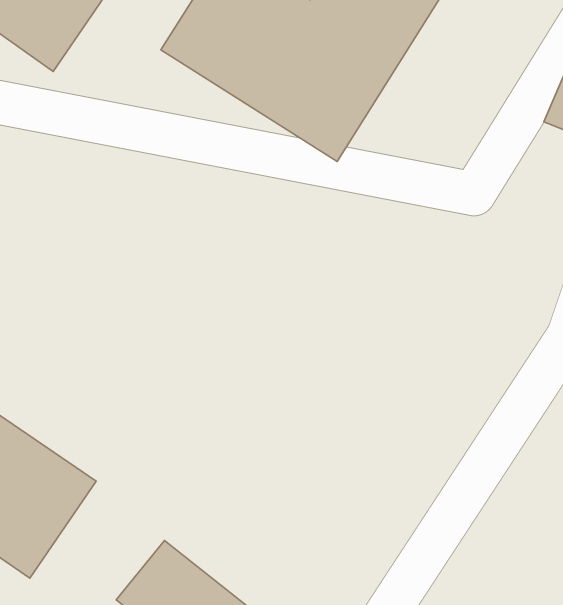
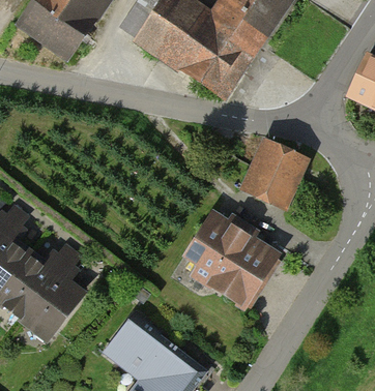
building: none -> [240,139,307,206]
building: none -> [182,211,286,308]

